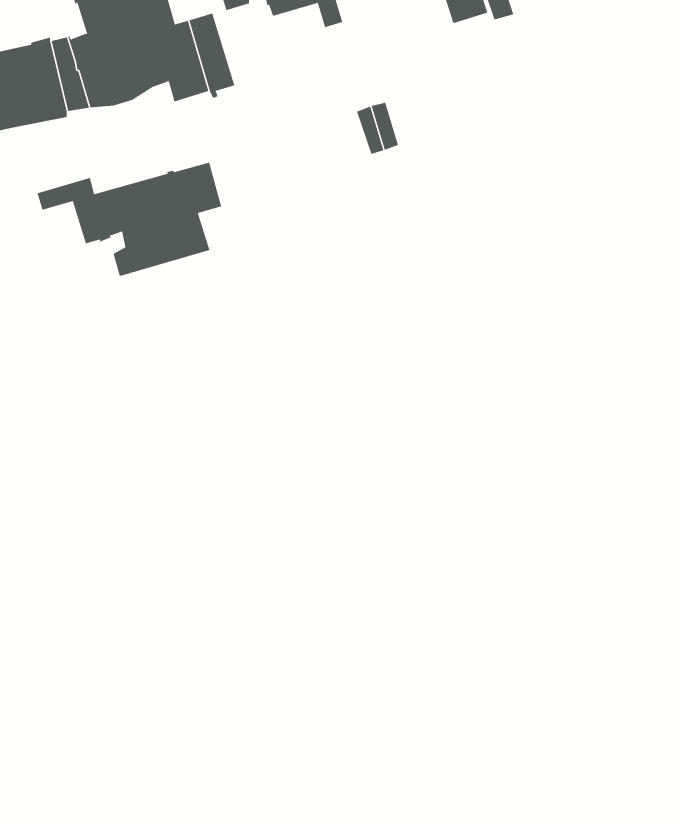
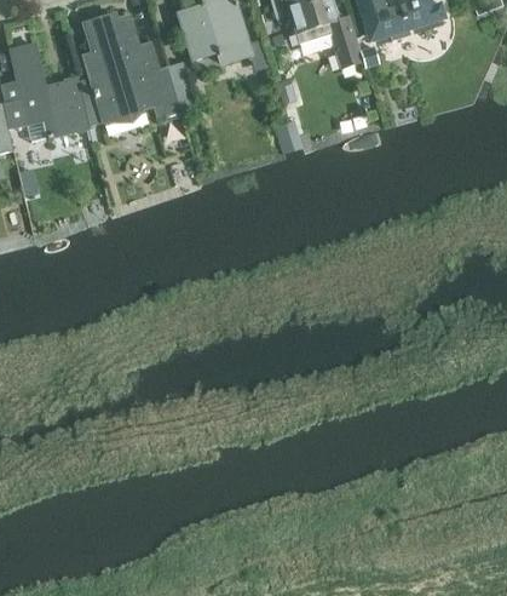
building: [37,162,222,277] -> none

